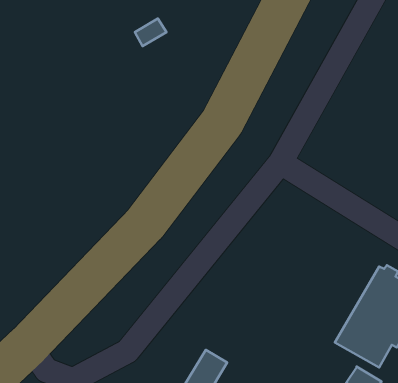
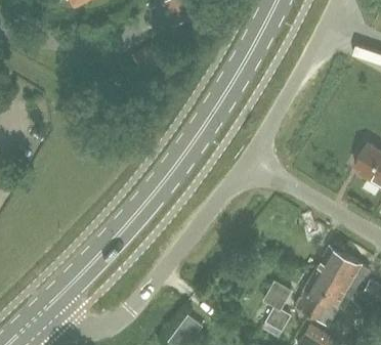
building: none -> [264,286,291,333]

